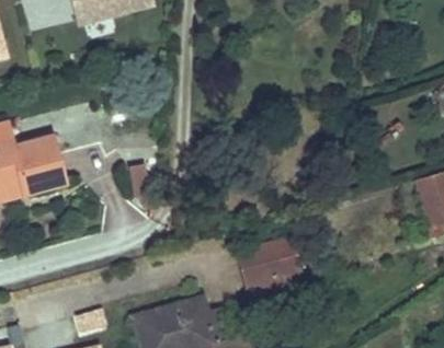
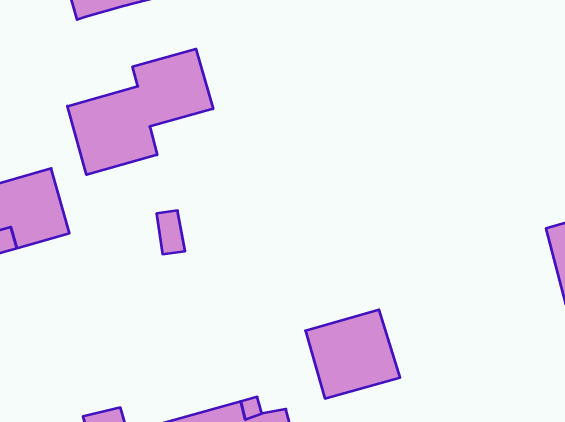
building: none -> [67,49,213,175]

